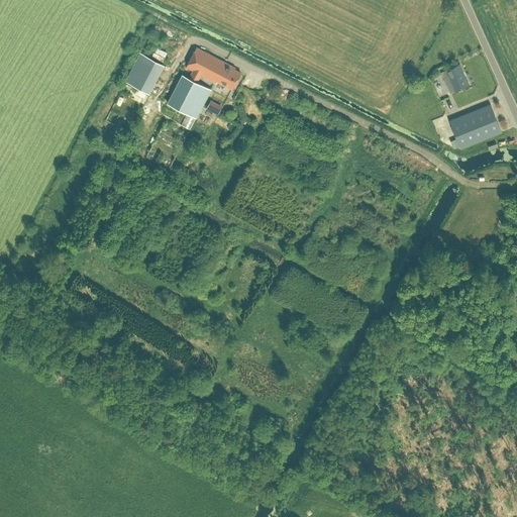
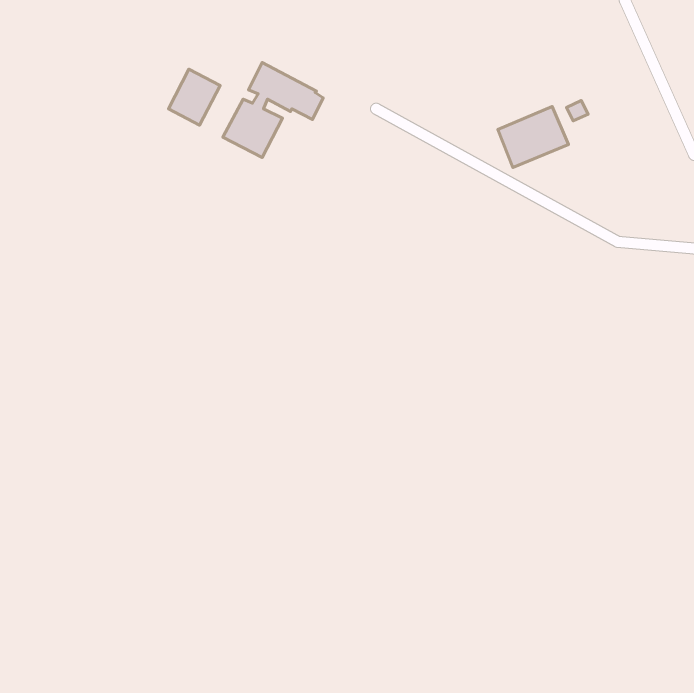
building: [443,65,469,93] -> none
building: [449,104,502,149] -> [498,106,568,168]

